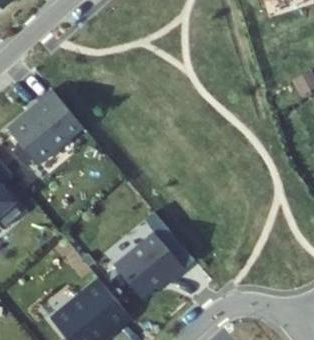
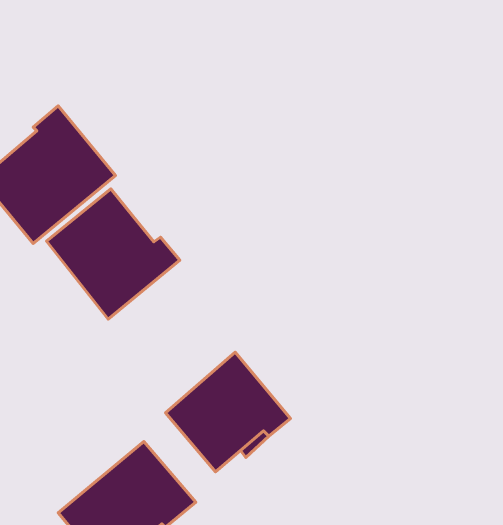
building: none -> [47,189,180,319]

